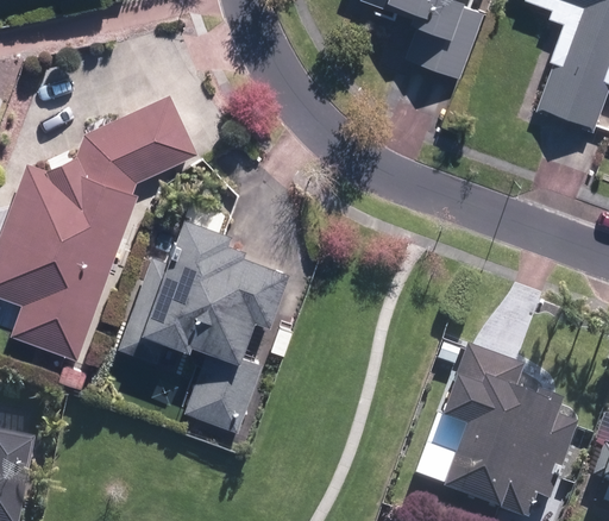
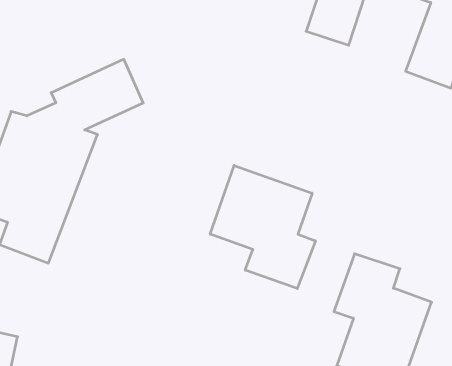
building: [125,226,293,427] -> none
building: none -> [210,165,315,289]

